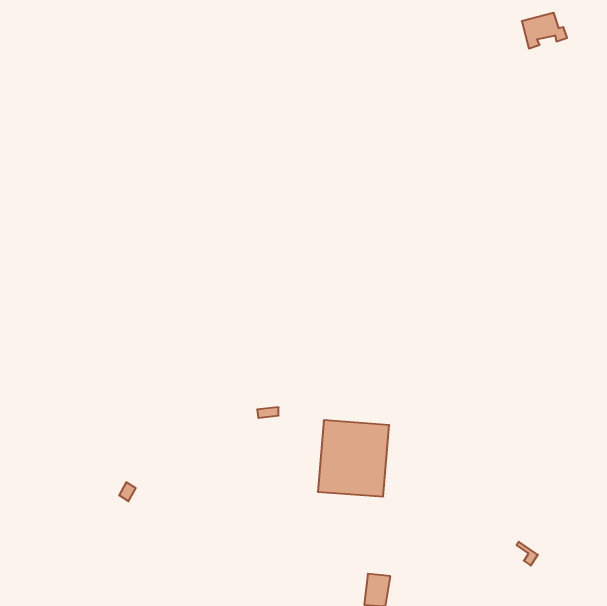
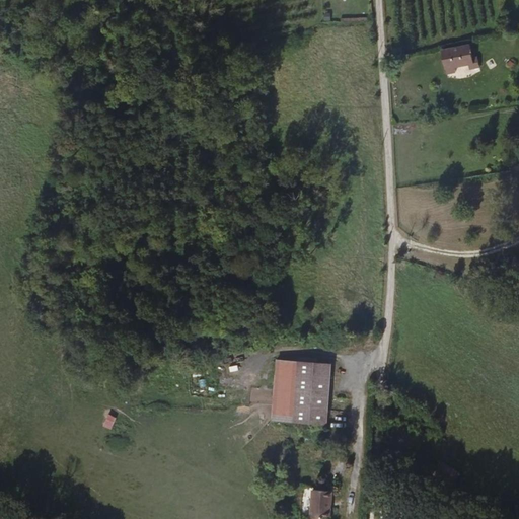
building: [522,13,567,49] -> [440,46,478,76]

